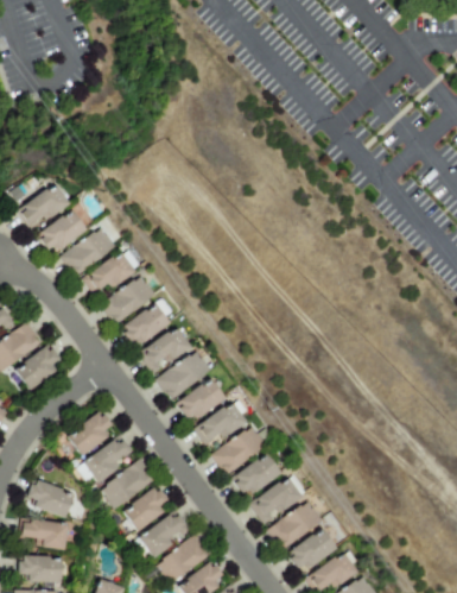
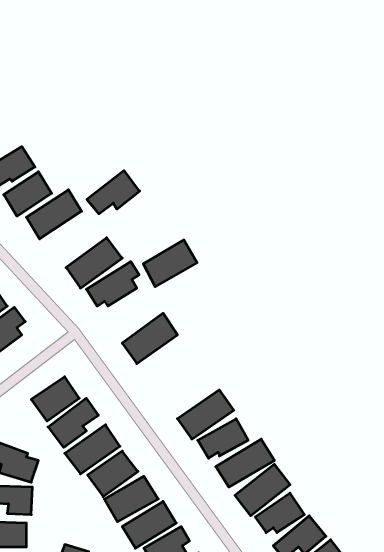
building: [83,251,135,294] -> [87,171,140,214]
building: [139,327,192,373] -> [143,240,197,287]
building: [177,379,226,422] -> none
building: [195,399,250,444] -> none

